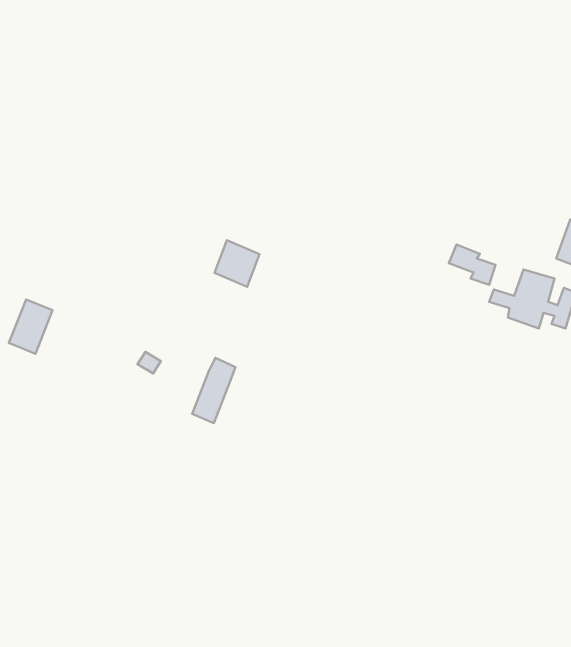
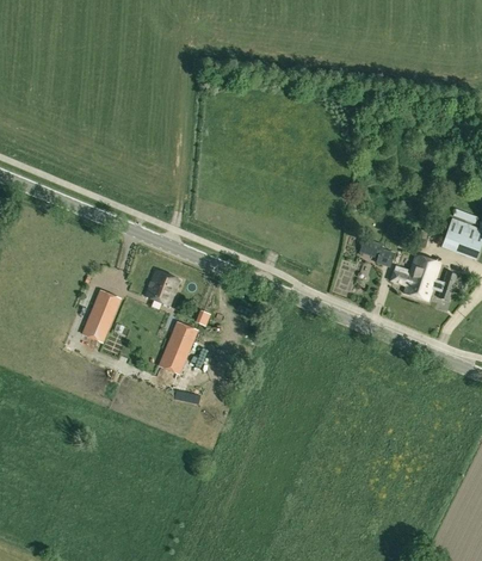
building: [215,240,260,287] -> [144,269,179,304]
building: [9,299,52,354] -> [84,298,117,340]

